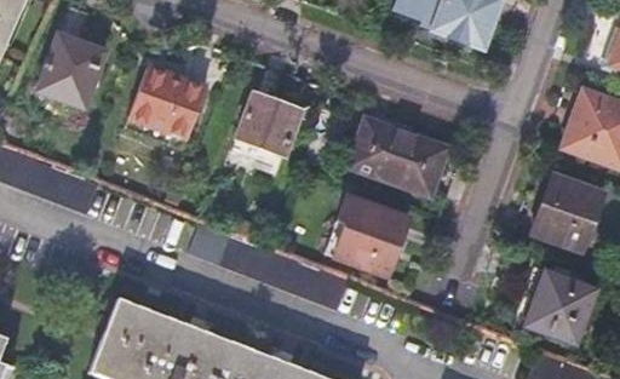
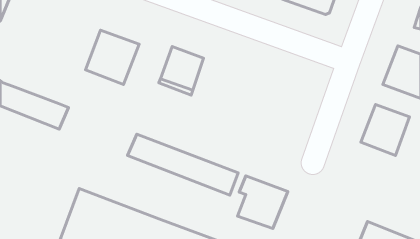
building: [39,33,108,108] -> none
building: [340,120,446,193] -> none
building: [335,196,409,274] -> [238,176,288,228]
building: [516,268,596,343] -> none

